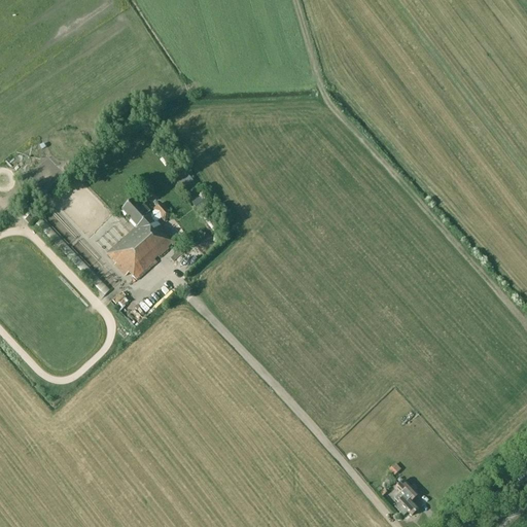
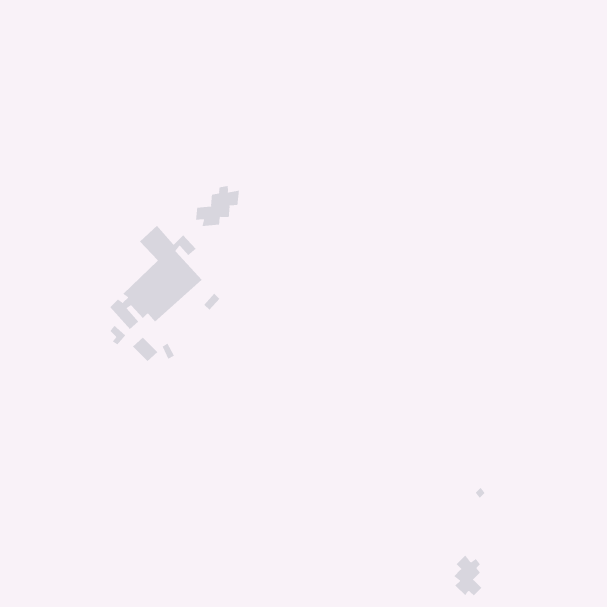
building: none -> [195,185,239,227]

